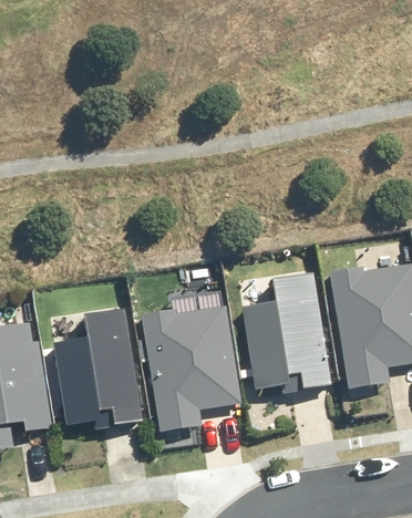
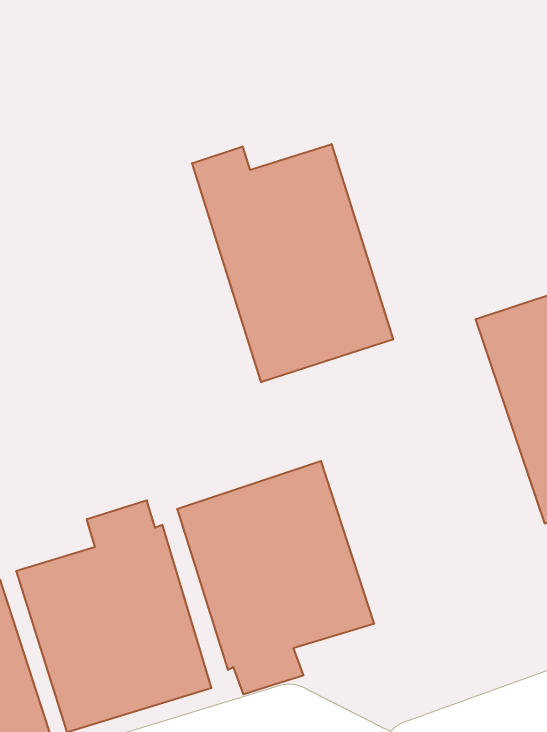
building: none -> [192,144,393,382]
building: [246,284,348,411] -> none

